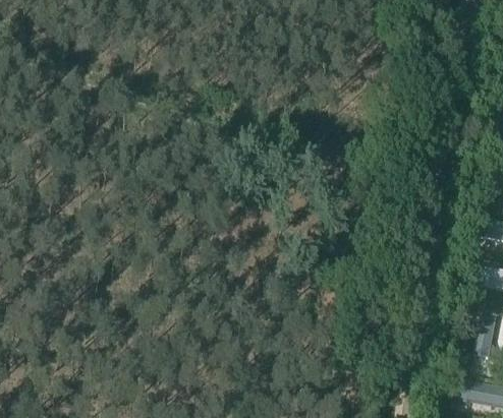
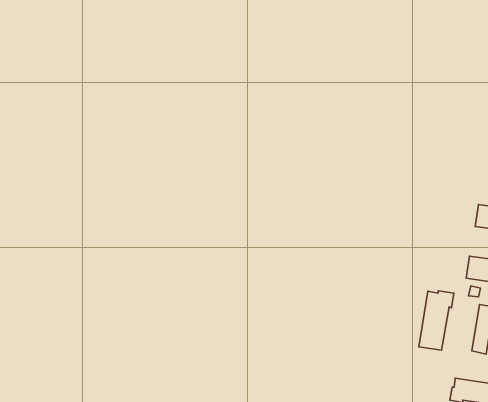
building: none -> [419,291,454,350]

